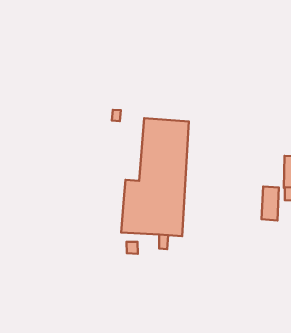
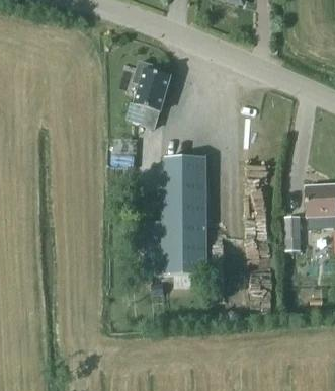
building: none -> [133,61,172,128]

